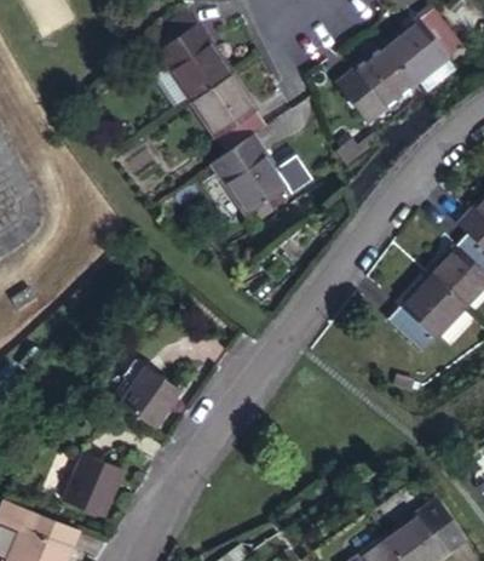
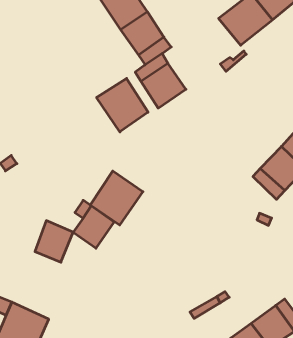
building: none -> [97,78,148,132]
building: none -> [90,171,143,225]
building: [67,456,123,517] -> [35,221,73,262]

